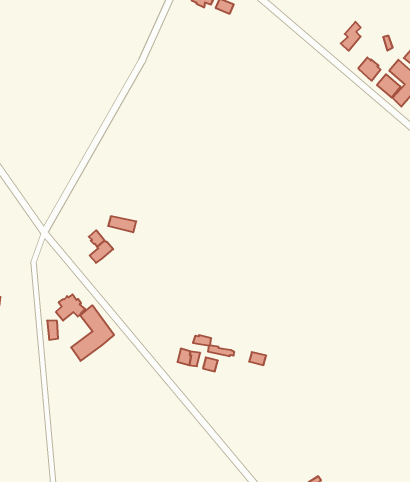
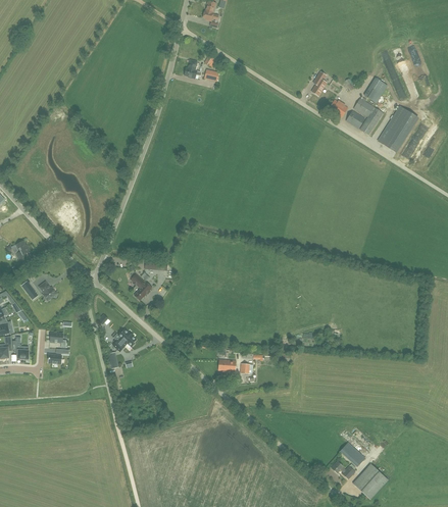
building: [71,305,114,361] -> none

